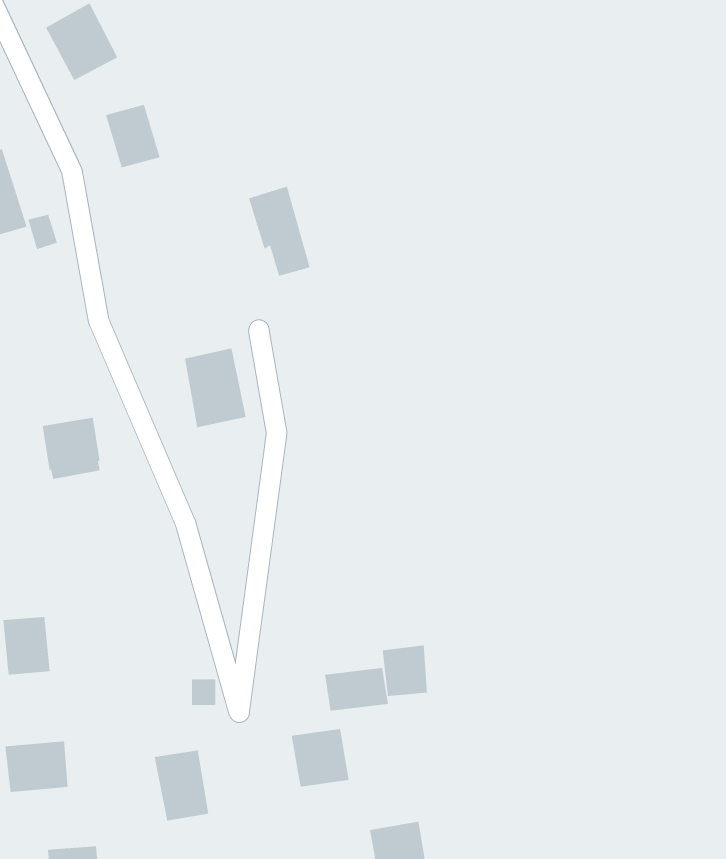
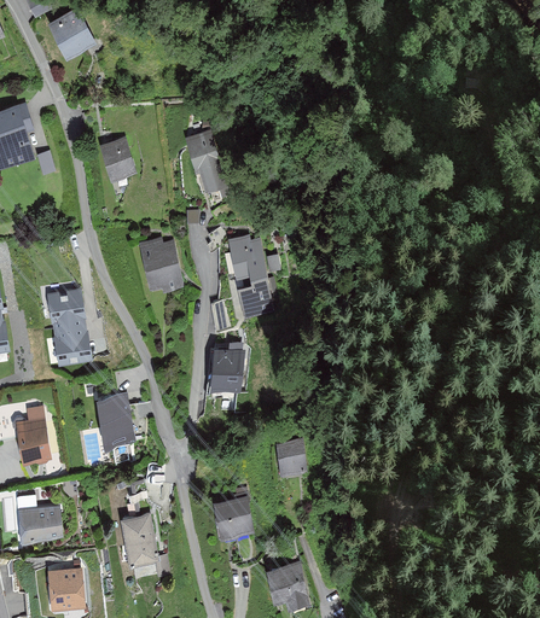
building: [105,104,160,168] -> [99,139,137,182]
building: none -> [228,234,274,319]
building: none -> [52,323,91,365]
building: none -> [208,344,244,391]
building: none -> [97,393,135,448]
building: [324,667,388,711] -> none

